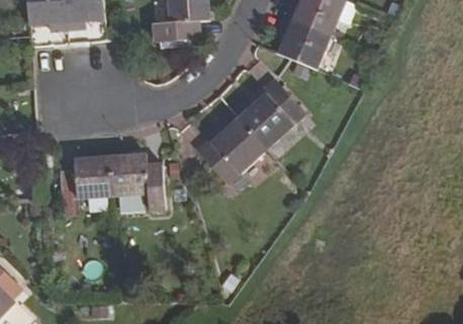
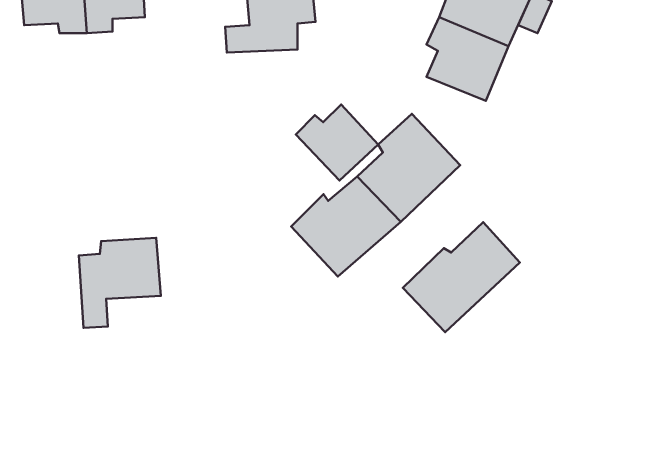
building: none -> [296,105,378,181]
building: none -> [403,222,520,332]
building: [112,155,167,208] -> none

